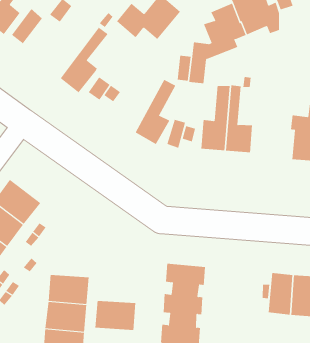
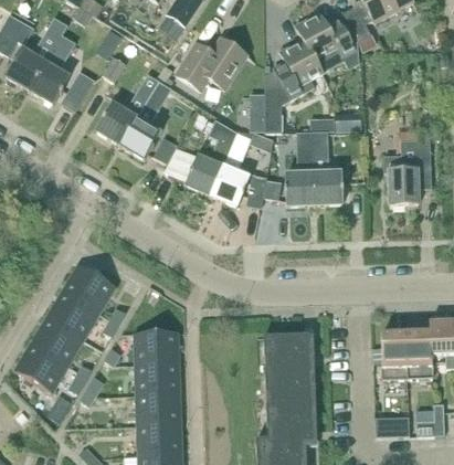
building: none -> [96,75,157,145]
building: none -> [186,118,236,195]
building: [95,300,136,330] -> [134,331,179,364]

